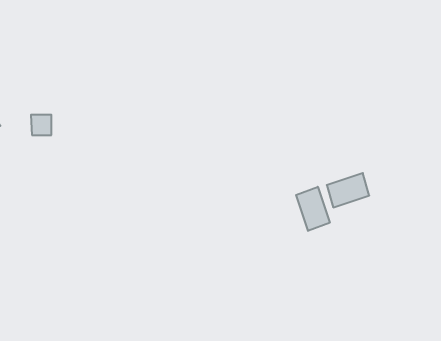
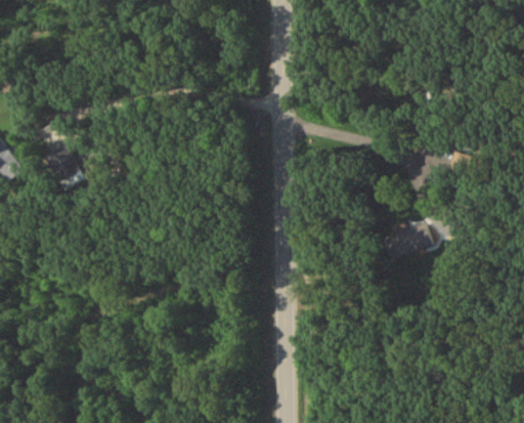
building: [296,187,330,231] -> none

